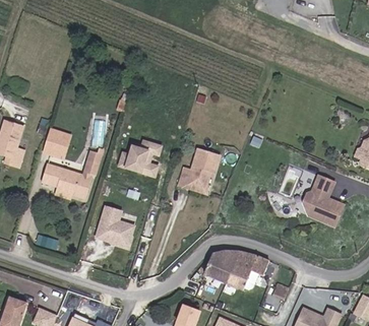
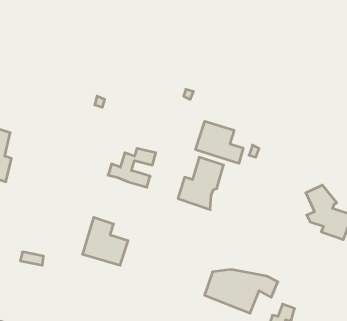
building: none -> [196,121,243,163]
building: [44,127,73,159] -> none
building: [44,162,94,201] -> none

